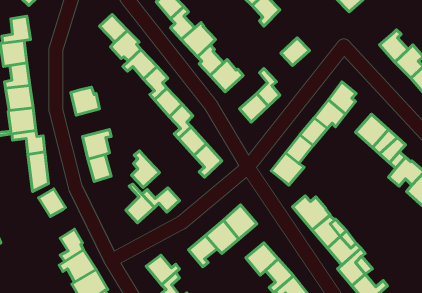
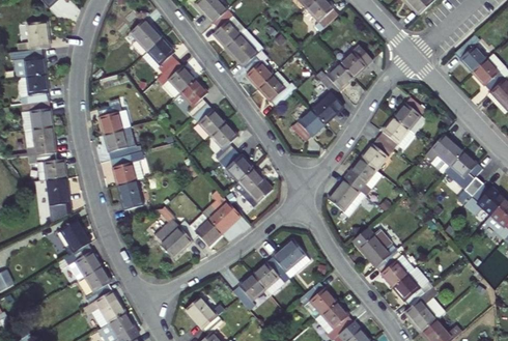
building: none -> [319,63,352,96]
building: none -> [103,130,141,160]
building: [132,151,159,188] -> [208,191,241,233]
building: none -> [64,244,101,277]

